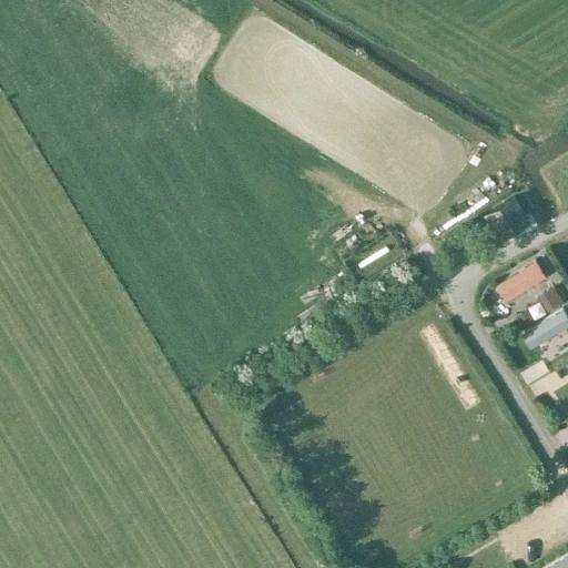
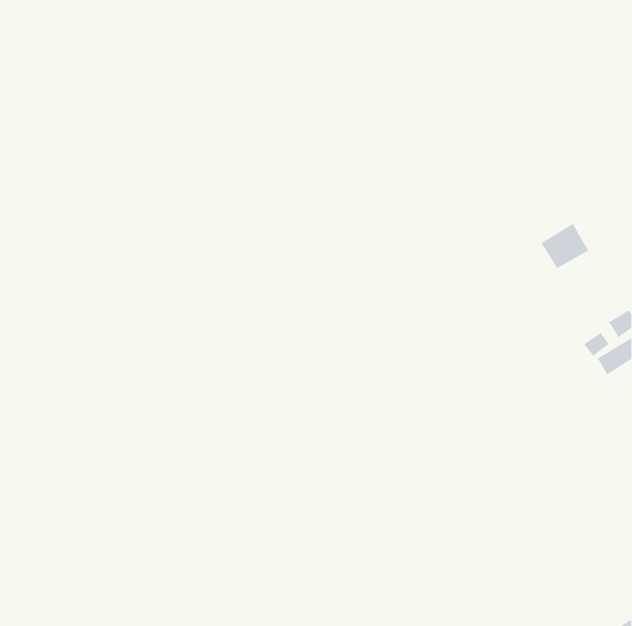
building: [496,263,548,302] -> none

